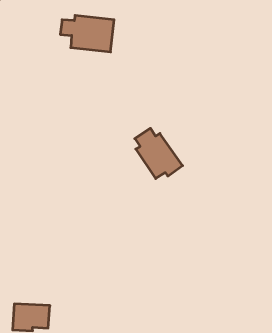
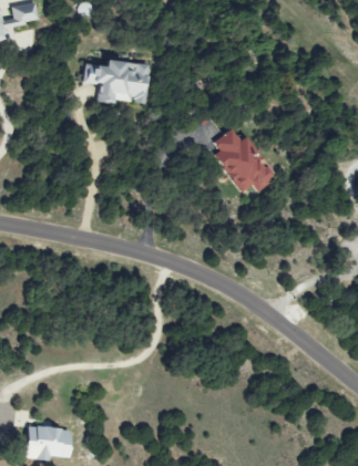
building: [135,128,183,179] -> [215,128,276,193]

